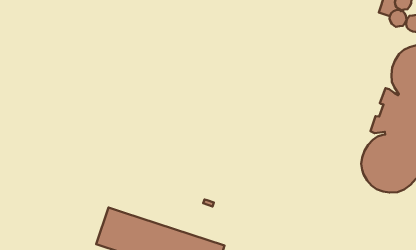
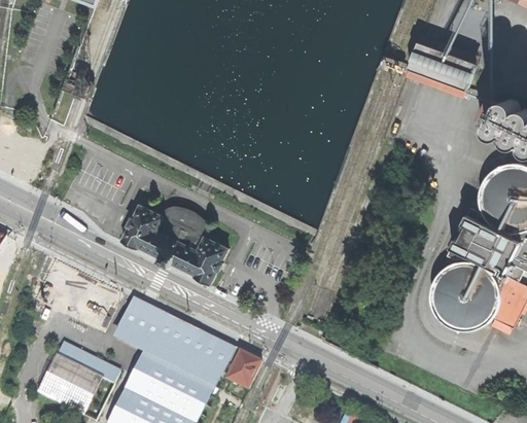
building: none -> [122,204,227,283]

